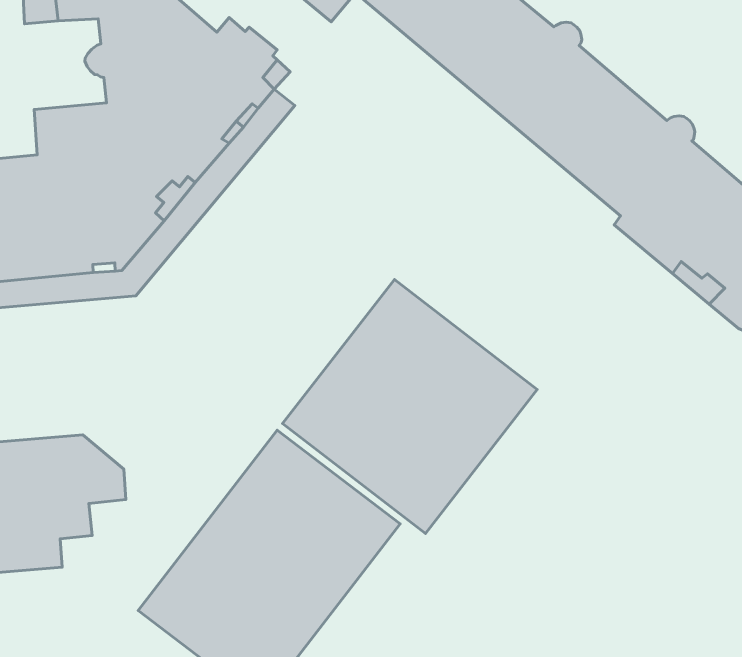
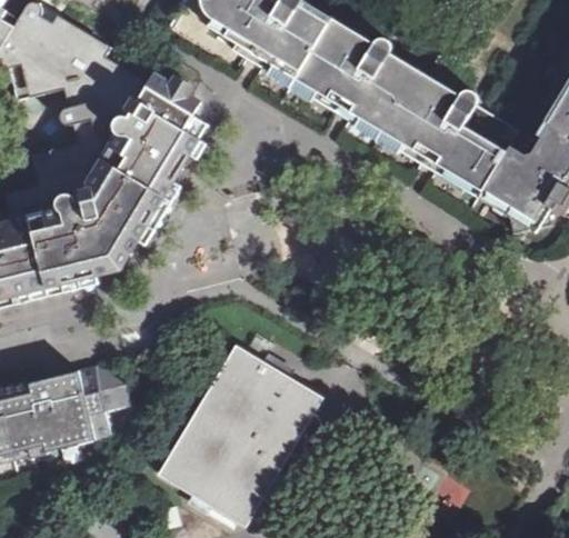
building: [283,280,537,533] -> none

